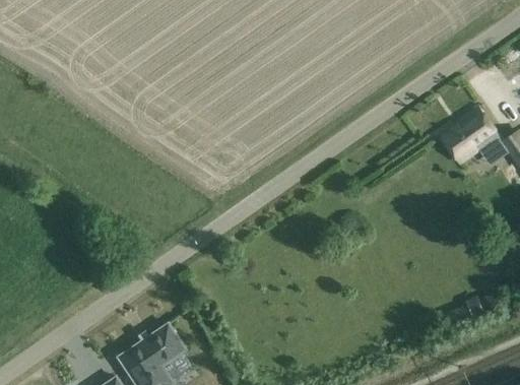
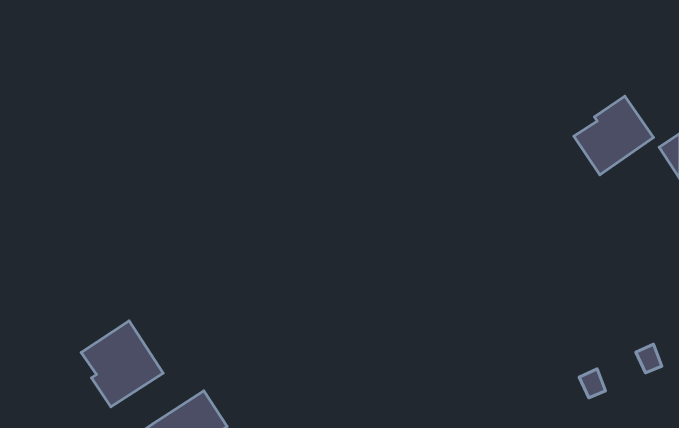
building: none -> [81,321,163,407]

